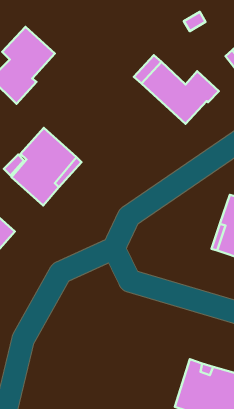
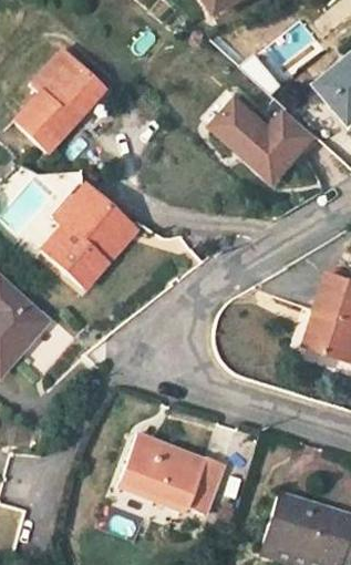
building: none -> [118,435,225,515]

